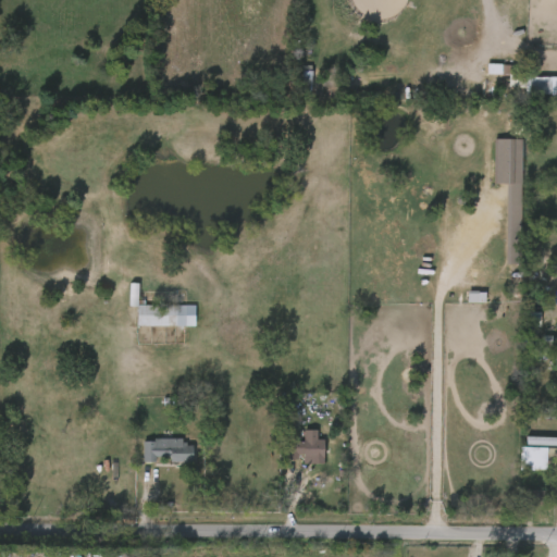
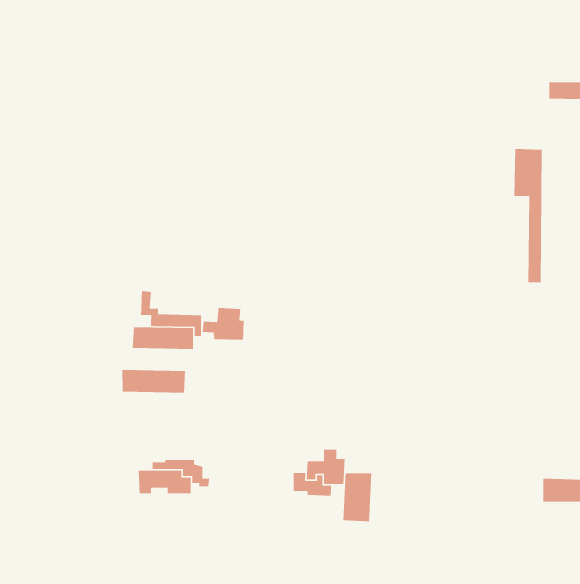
building: none -> [202,307,244,341]
building: none -> [121,369,186,393]
building: none -> [343,472,372,522]

